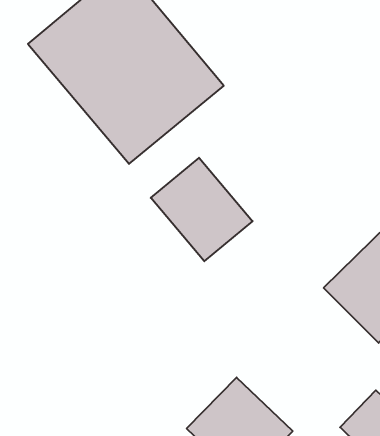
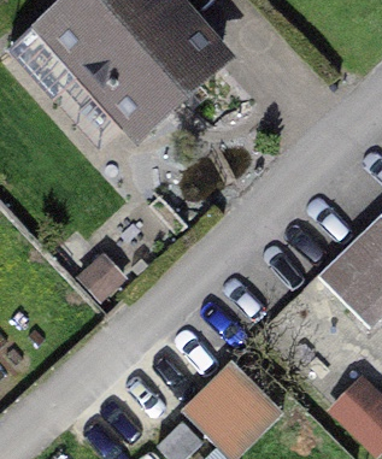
building: [151,158,253,261] -> none

